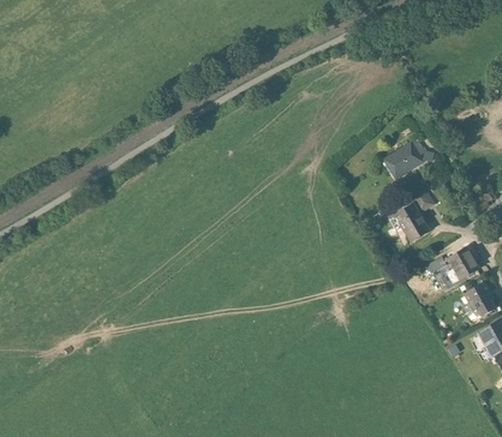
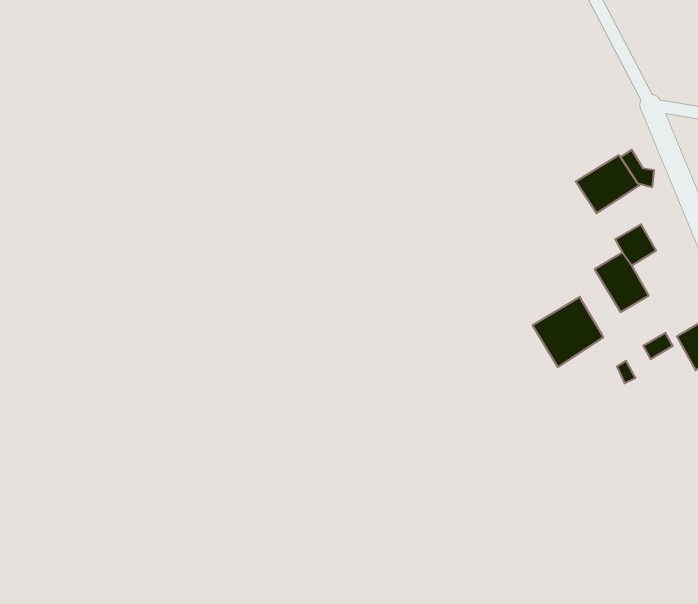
building: none -> [533,297,603,367]

